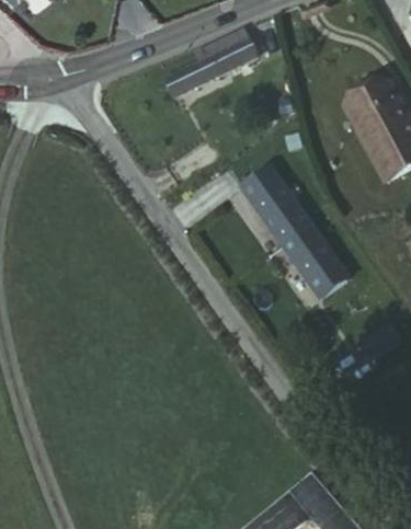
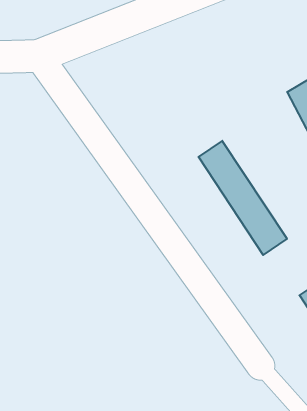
building: [167,30,259,97] -> none

